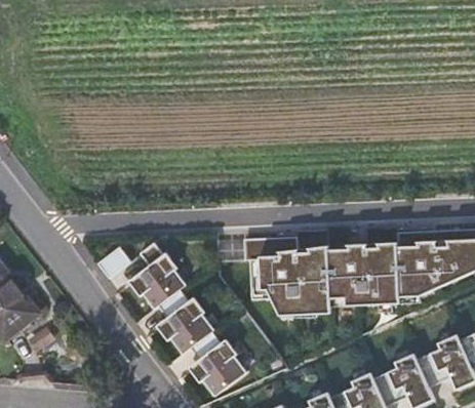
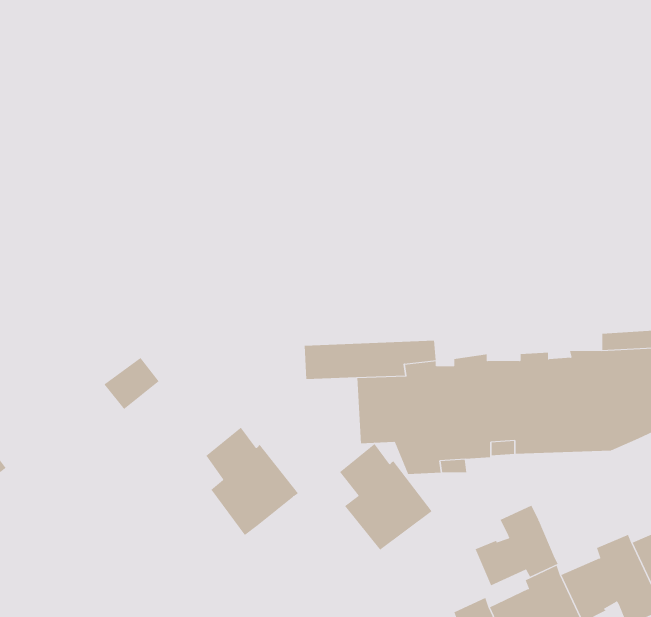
building: [134,243,187,309] -> none
building: [191,331,247,396] -> [339,443,432,550]
building: none -> [475,505,558,586]

